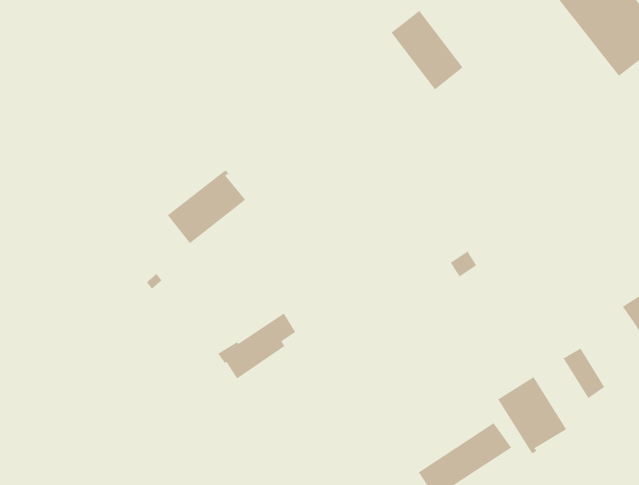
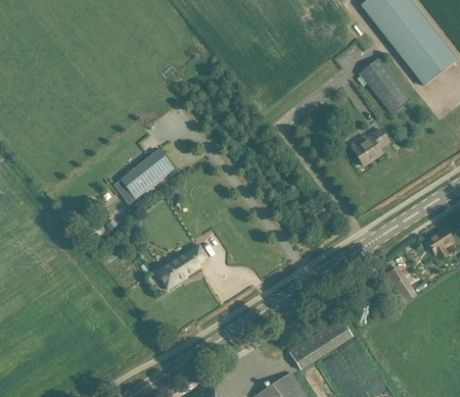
building: [391,10,464,90] -> [361,57,410,111]
building: none -> [351,129,387,165]
building: [497,376,567,454] -> none

